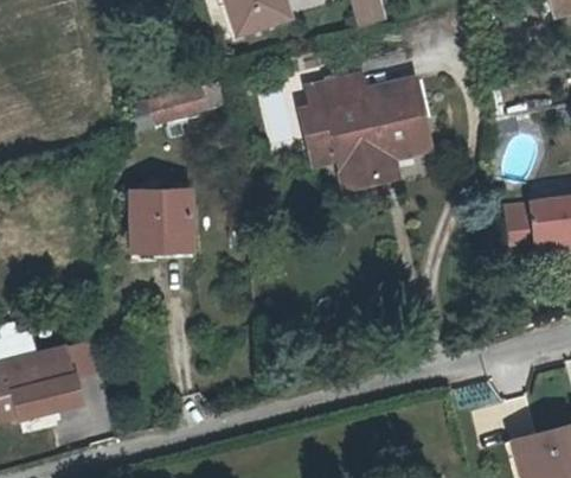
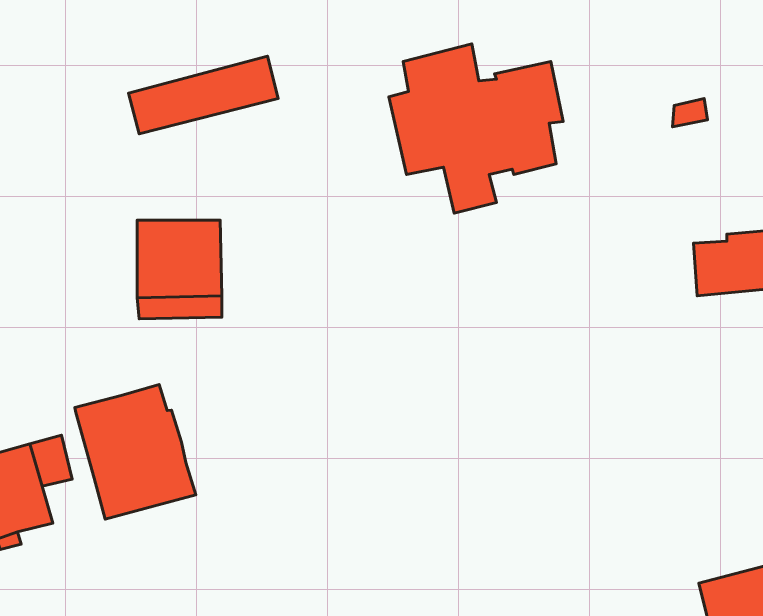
building: none -> [75,385,196,519]

